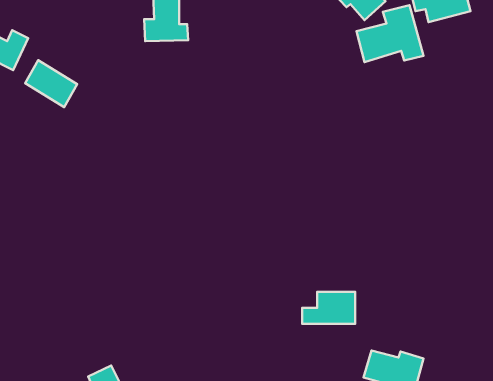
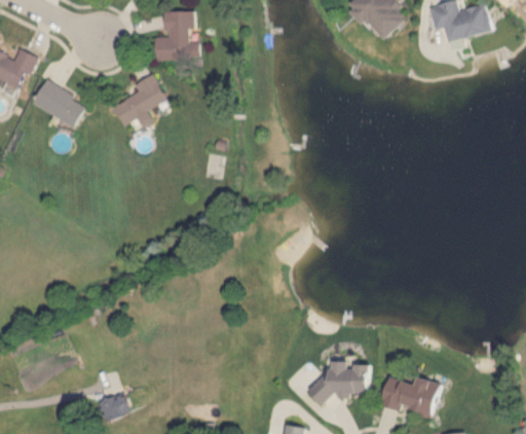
building: [356,5,423,62] -> none
building: none -> [114,74,167,125]
building: [302,292,355,324] -> [314,364,369,397]

